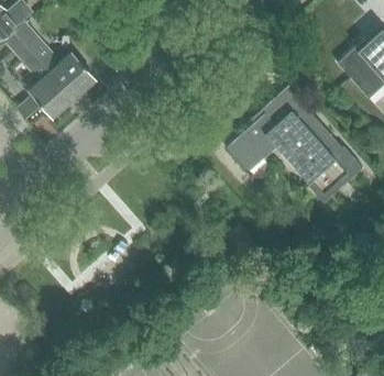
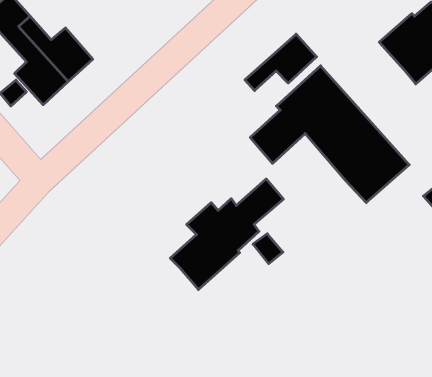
building: none -> [245,34,317,91]
building: none -> [170,179,283,290]

